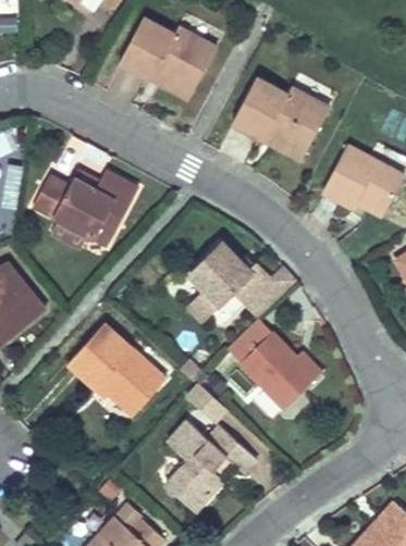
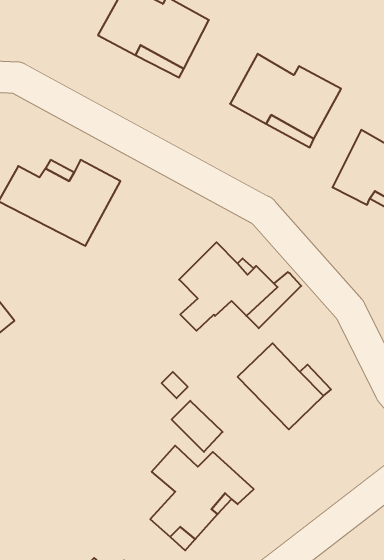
building: [65,323,164,417] -> none

